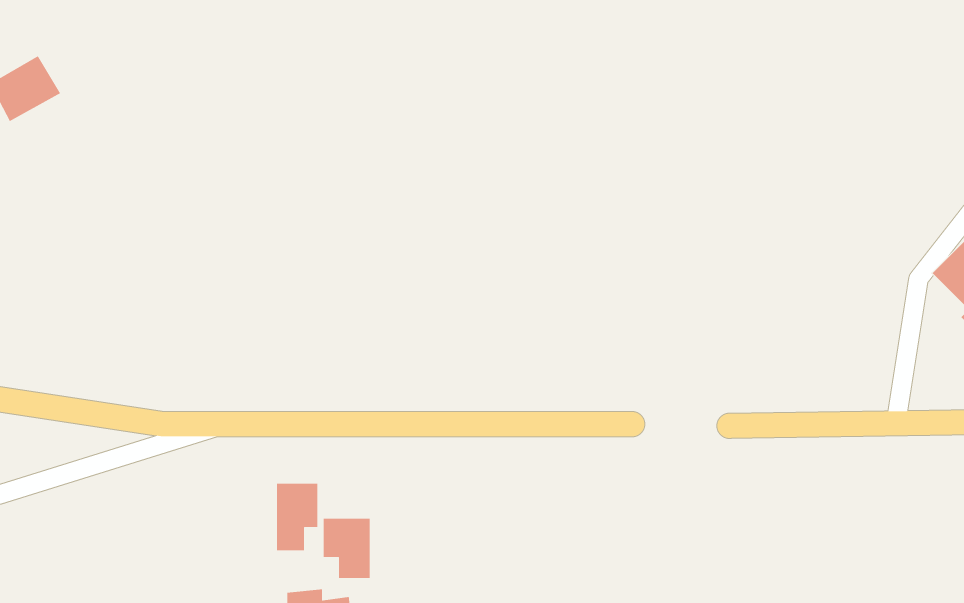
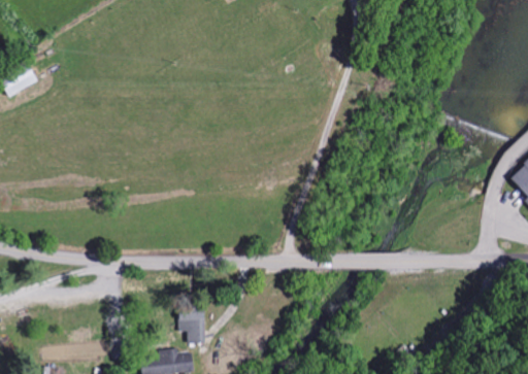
building: [276,483,318,551] -> none

